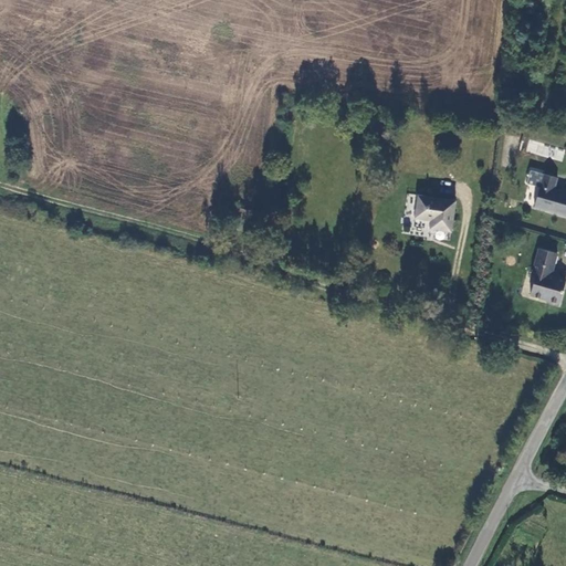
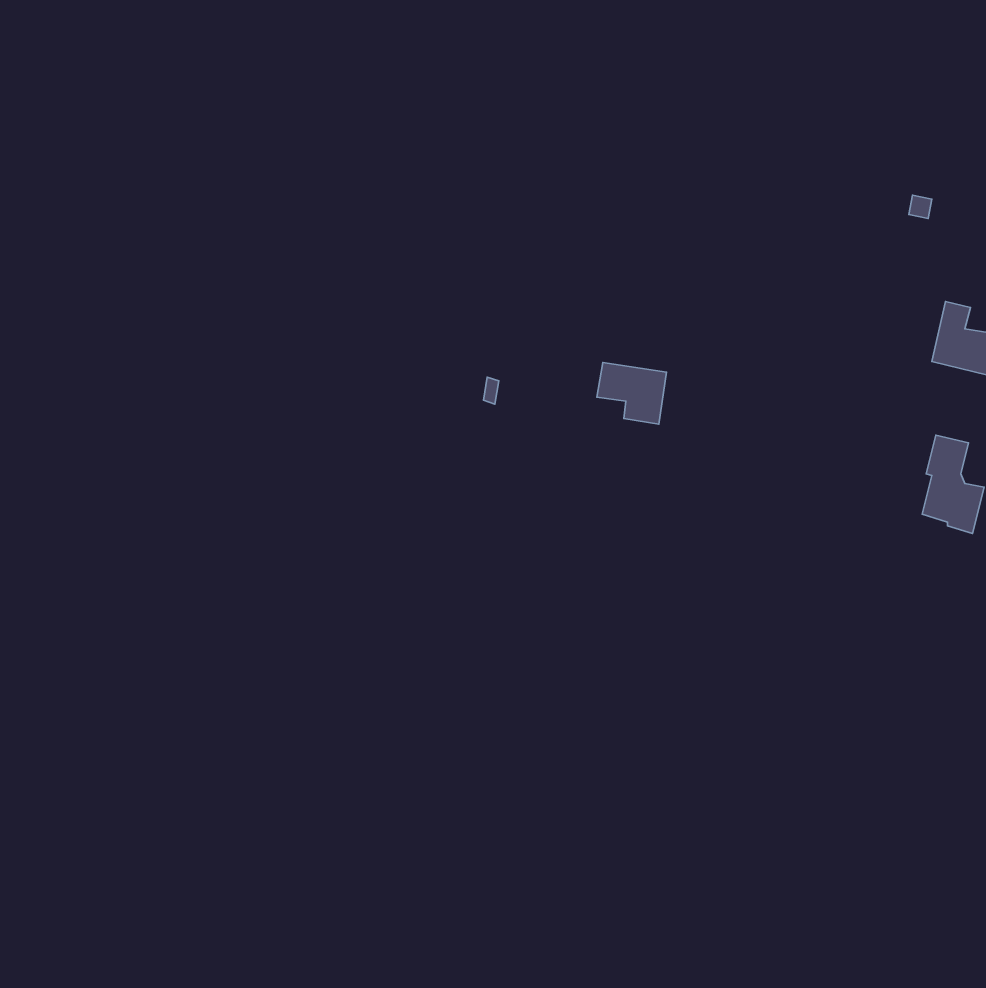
building: [416,197,455,232] -> [597,362,667,424]

